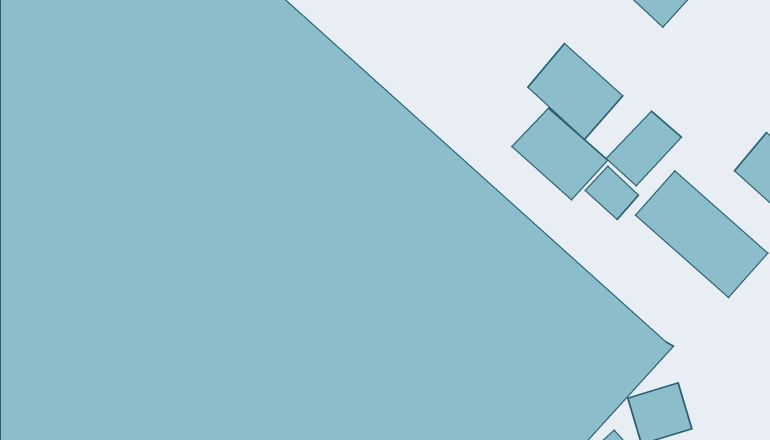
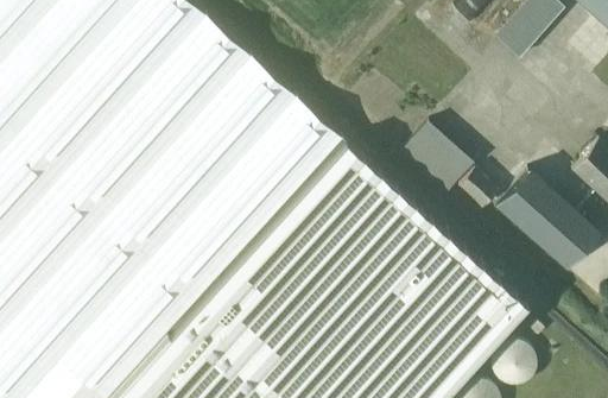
building: [528,44,623,140] -> none
building: [606,111,682,186] -> none

